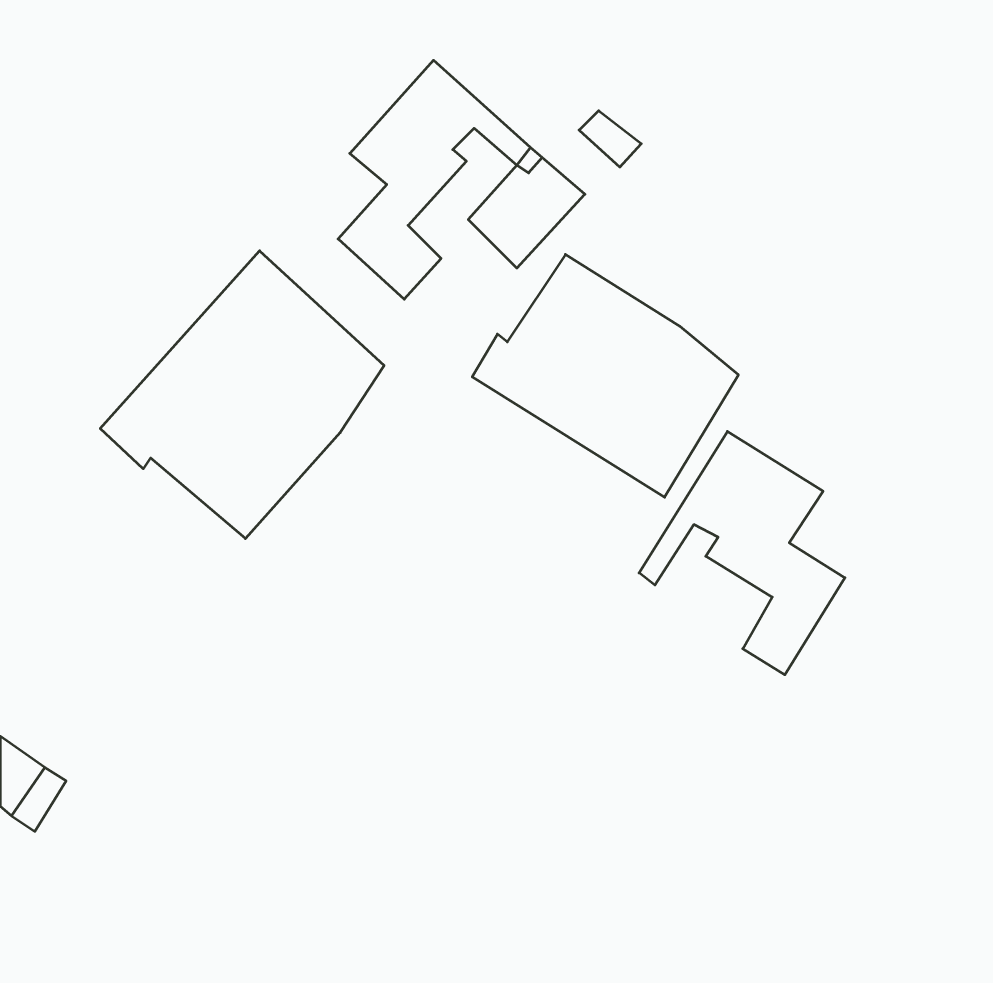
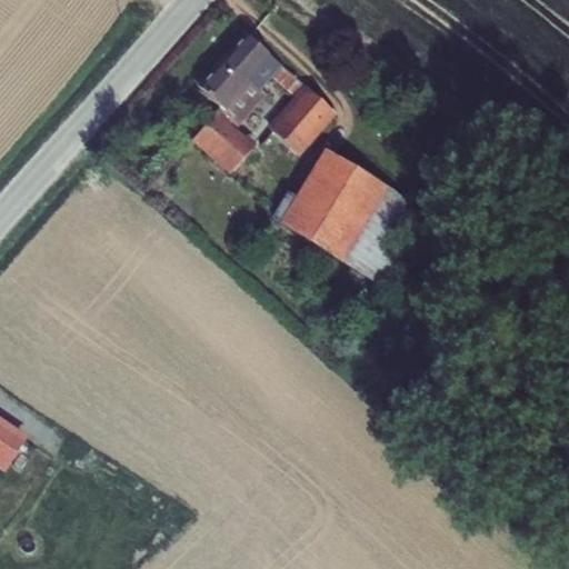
building: [100,251,384,539] -> none
building: [639,431,845,675] -> none

